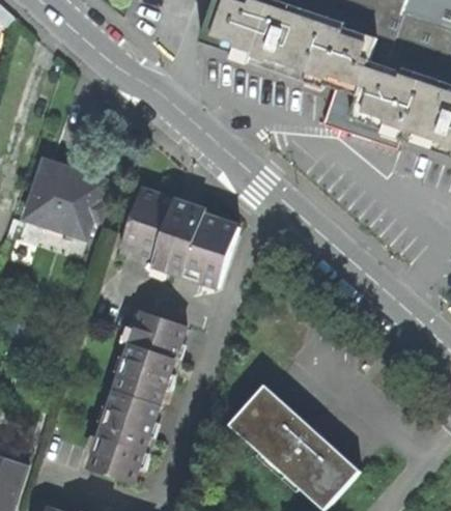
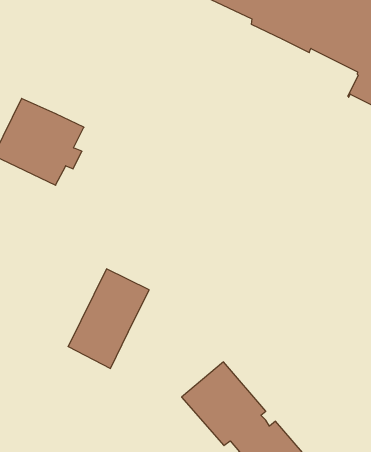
building: [120,190,237,287] -> none
building: [88,389,159,483] -> none

